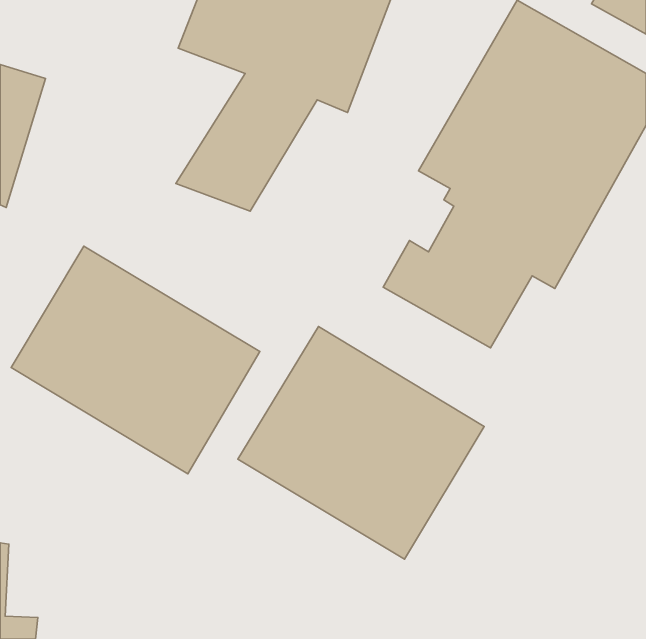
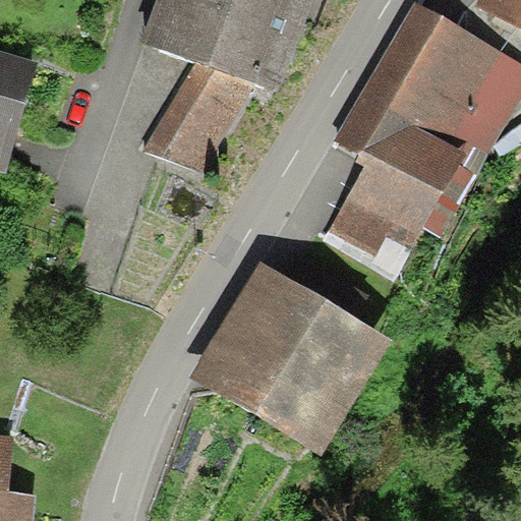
building: [11,246,260,474] -> none

